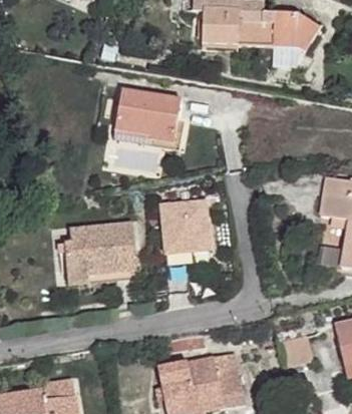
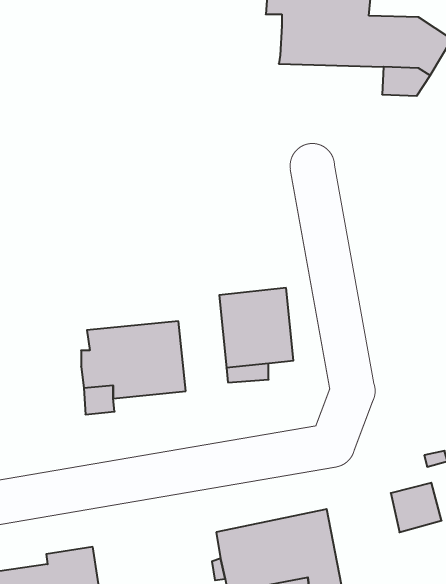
building: [116,88,182,142] -> none

